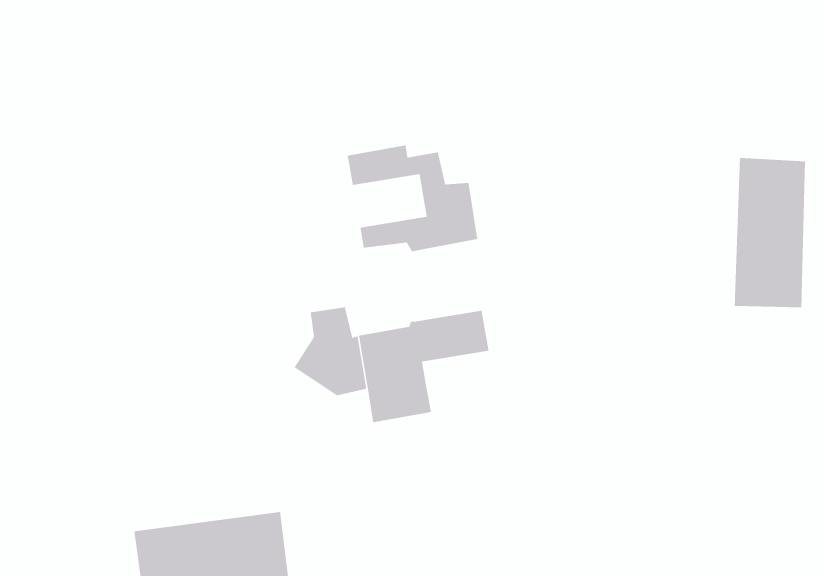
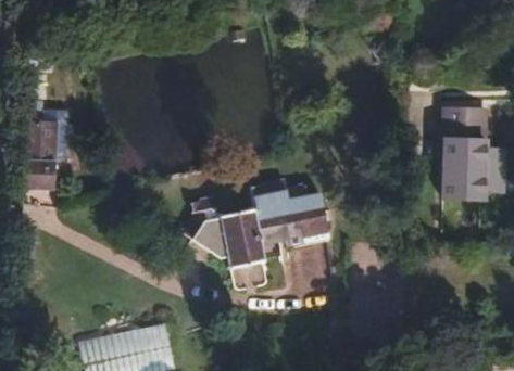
building: [347,144,478,252] -> [249,183,328,248]
building: none -> [26,126,59,190]

